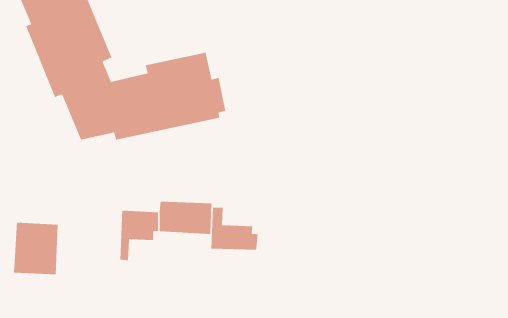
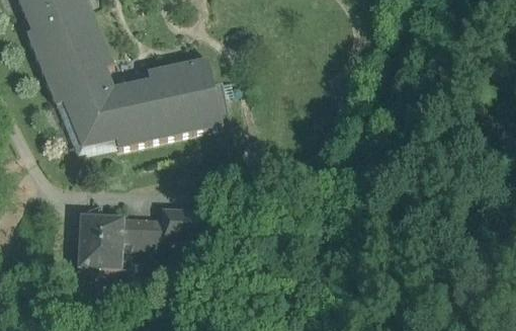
building: [211,207,259,251] -> none
building: [13,222,58,275] -> [78,215,123,268]

